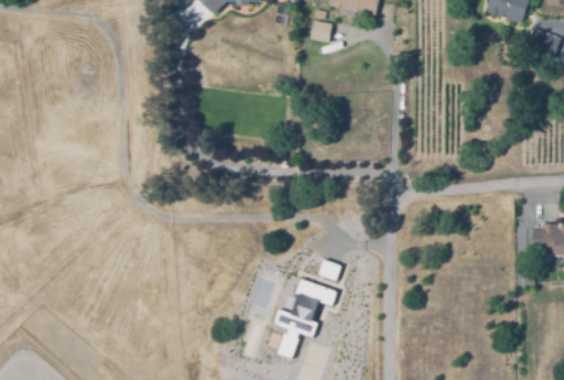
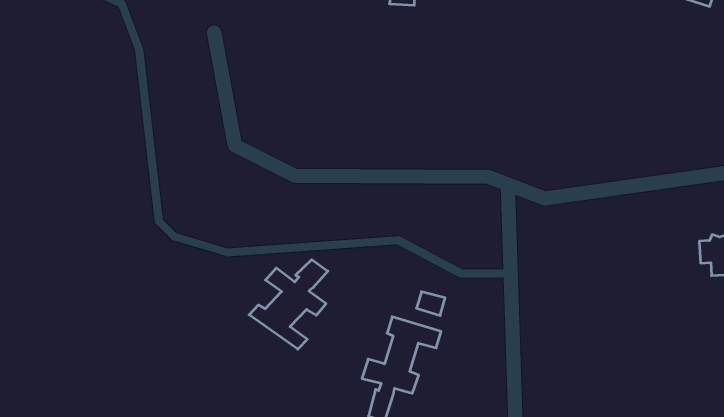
building: none -> [249,260,328,349]

